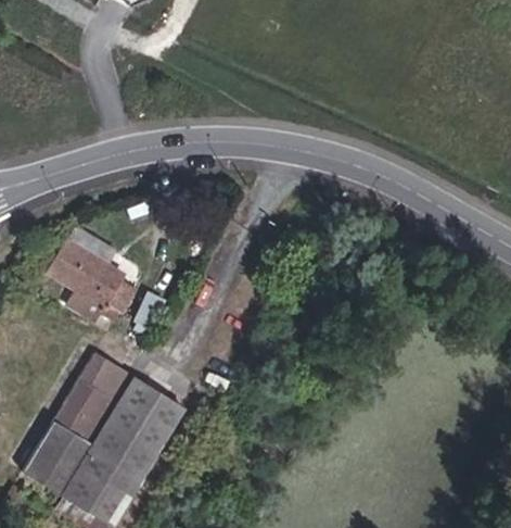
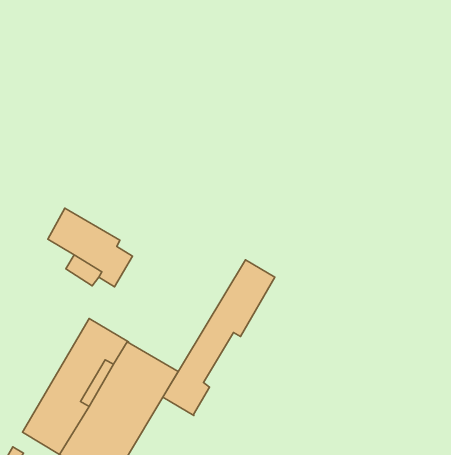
building: none -> [163,260,275,416]

